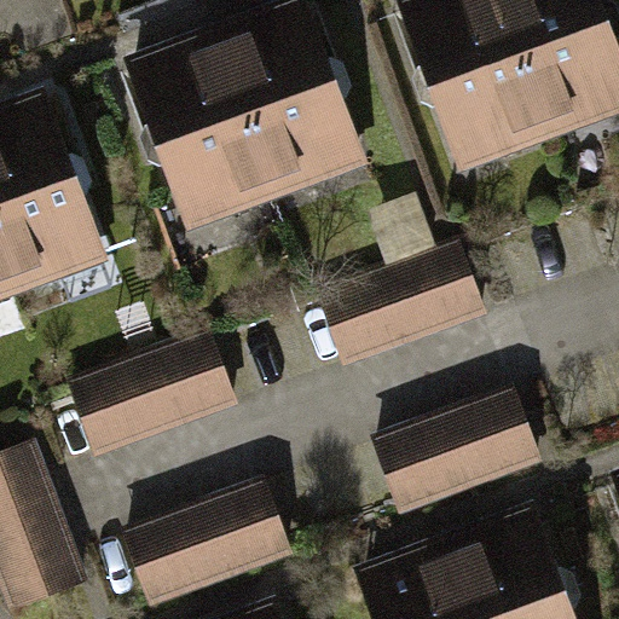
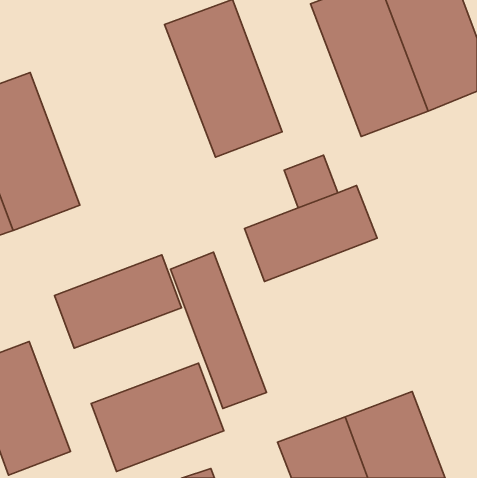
building: [126,31,277,233] -> none
building: none -> [170,252,267,409]
building: [370,384,548,516] -> none

